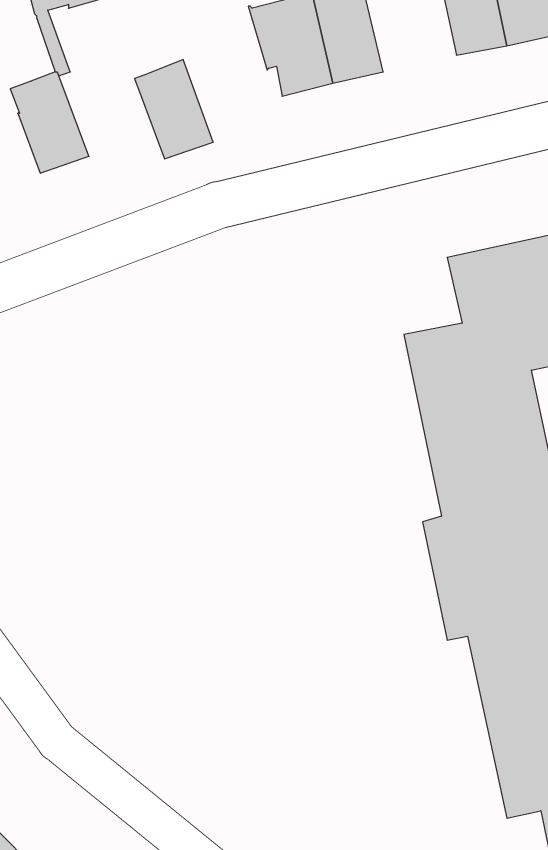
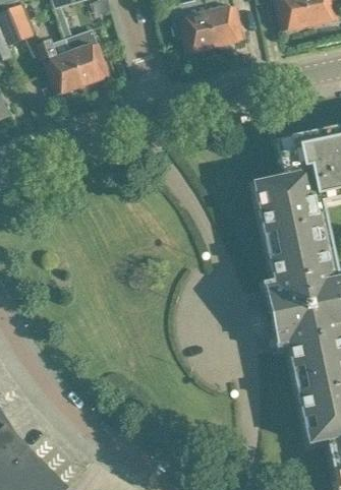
building: [135,60,213,159] -> [66,32,109,85]

